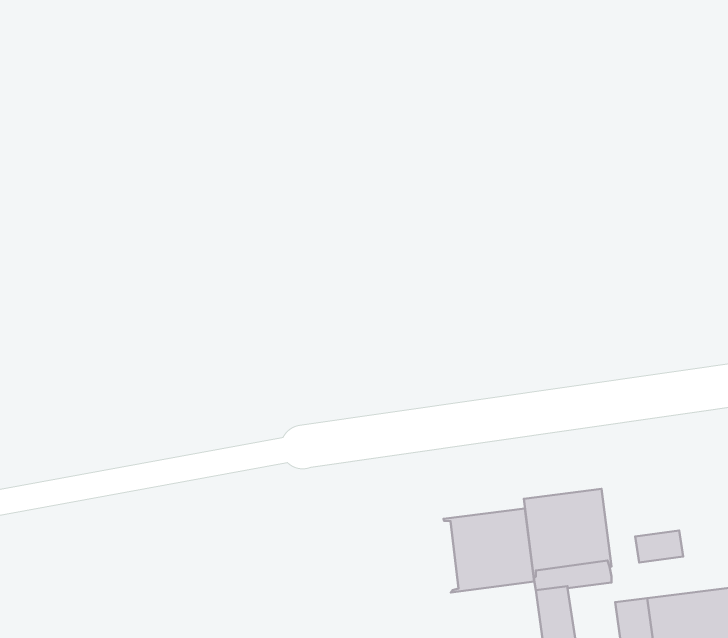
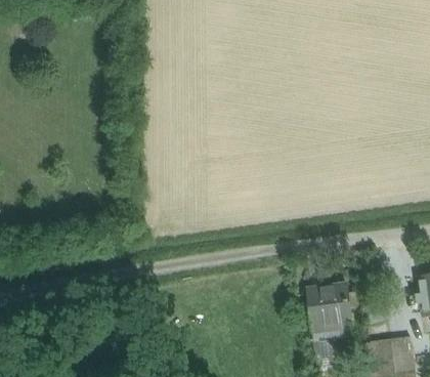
building: [444,509,534,592] -> none

